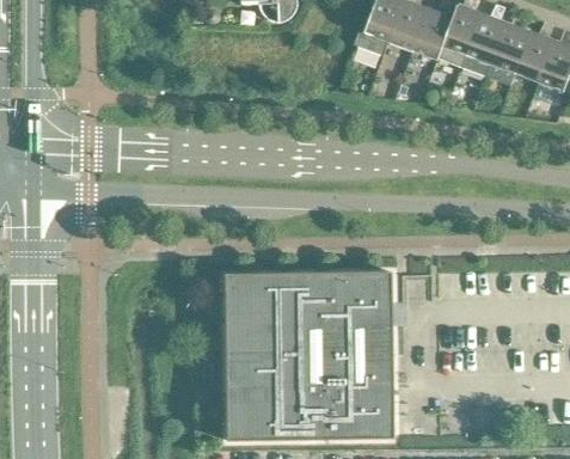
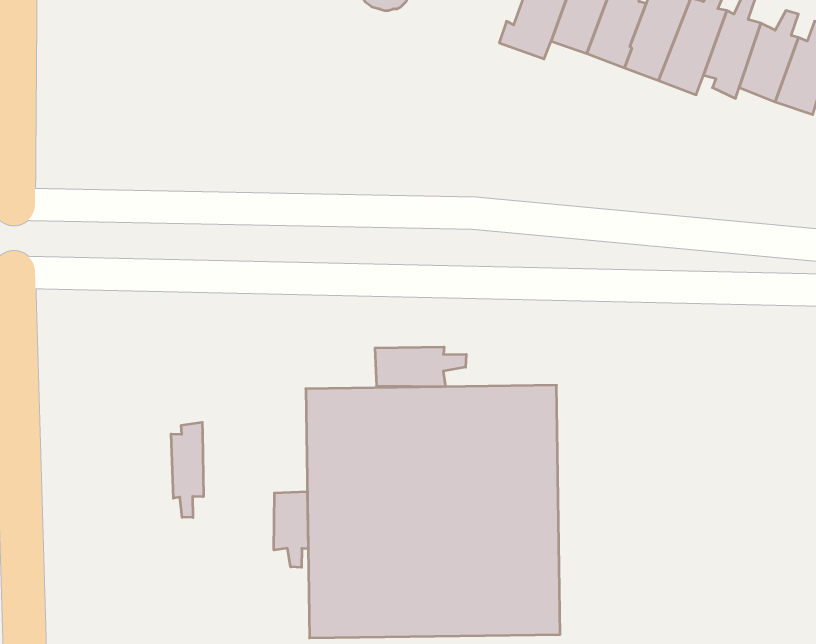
building: none -> [375,347,466,387]
building: none -> [171,422,203,518]
building: none -> [274,491,308,567]

